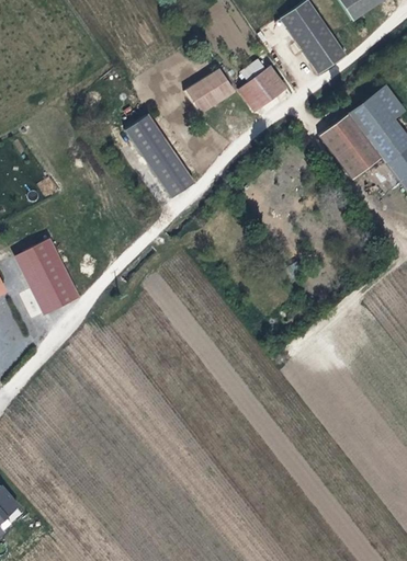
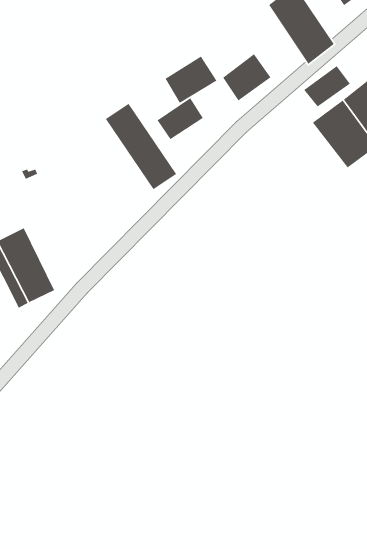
building: none -> [303,65,351,107]
building: none -> [156,97,204,140]

